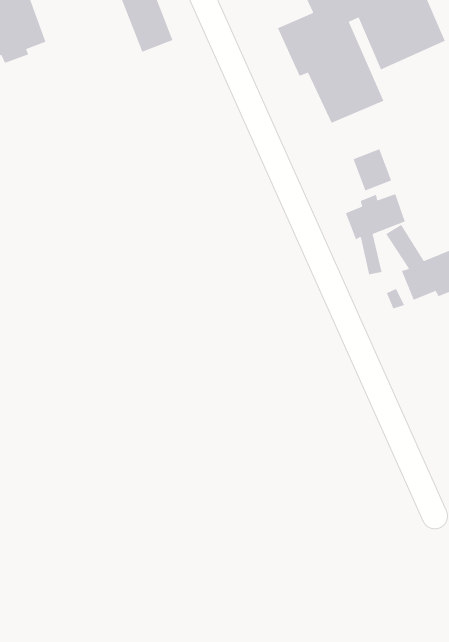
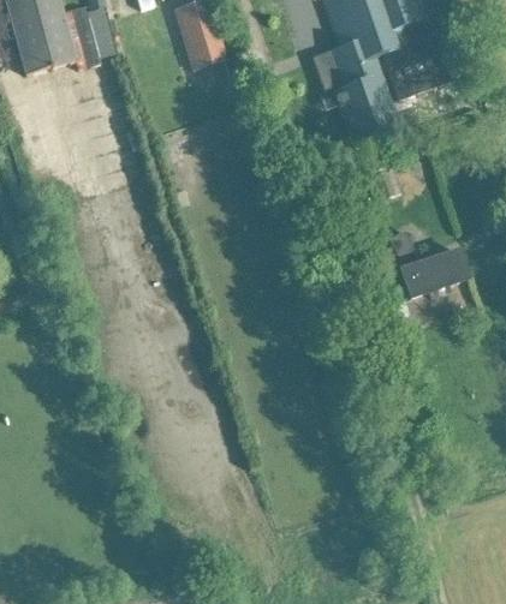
building: [345,193,406,275] -> none

